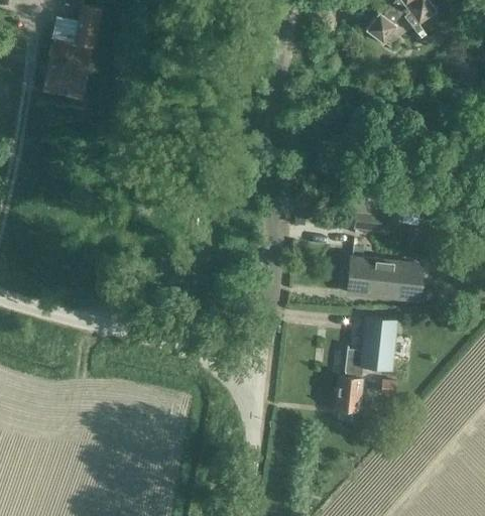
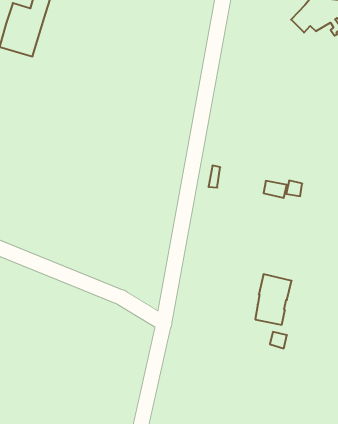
building: [349,256,422,298] -> none
building: [336,348,362,413] -> none

